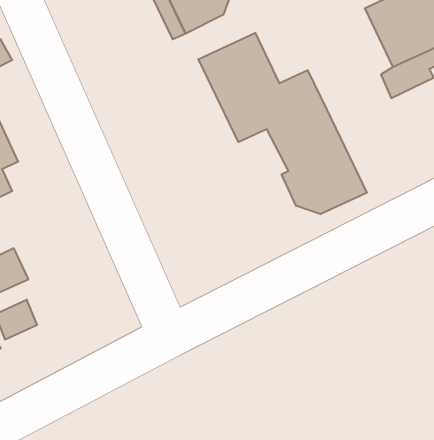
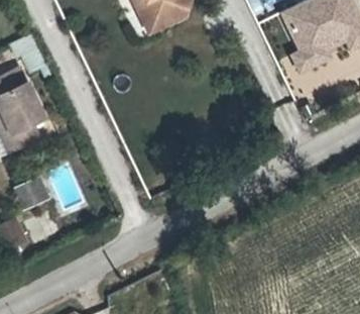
building: [198,33,367,214] -> none

